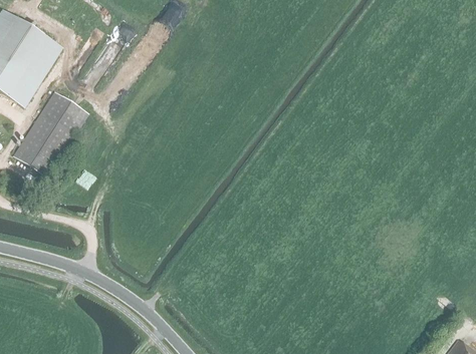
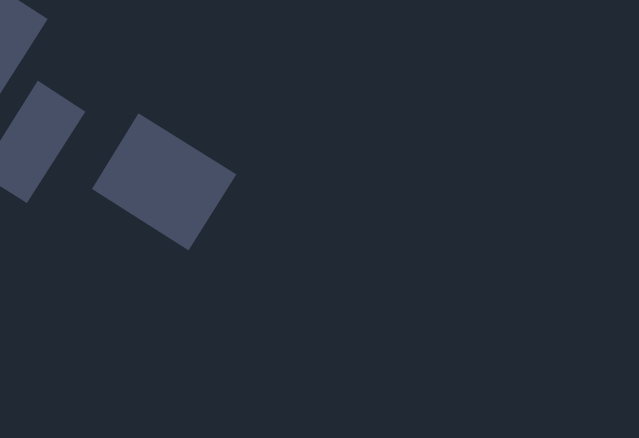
building: none -> [91,112,238,252]

